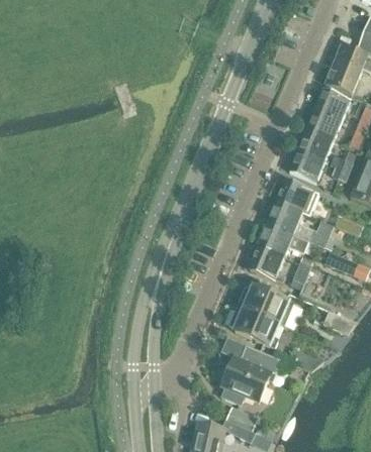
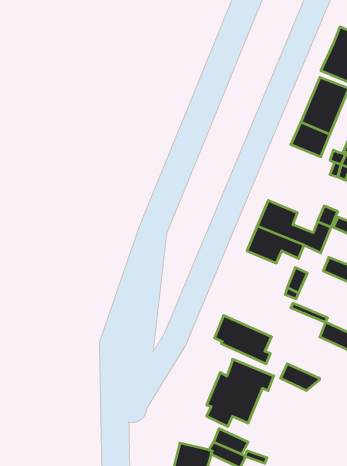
building: [289,149,324,182] -> none
building: [277,179,318,213] -> none
building: [249,245,286,282] -> none
building: [237,285,293,324] -> none

